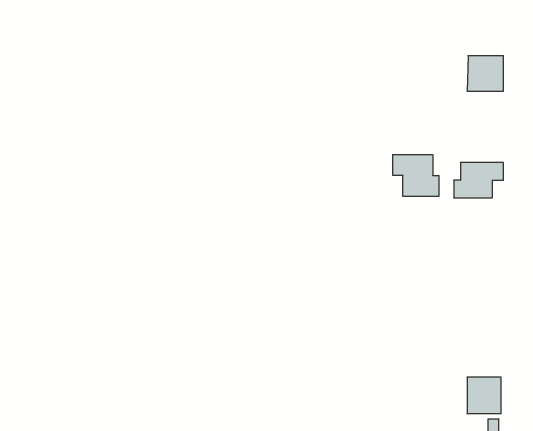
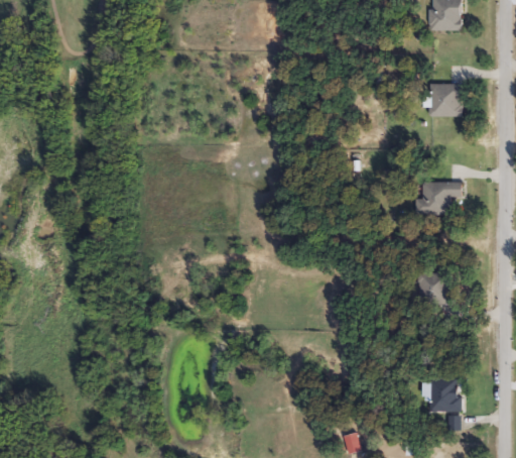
building: [393,155,439,196] -> none
building: none -> [418,271,450,304]

